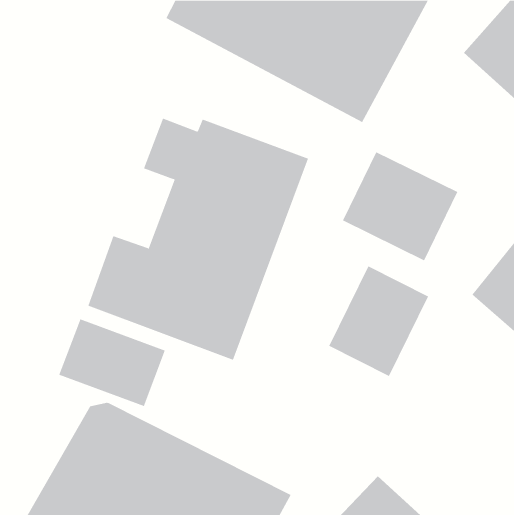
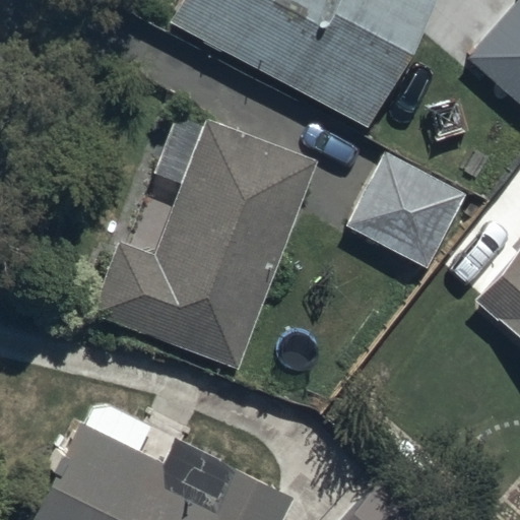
building: [328,265,429,377] -> none
building: [59,318,166,407] -> none

